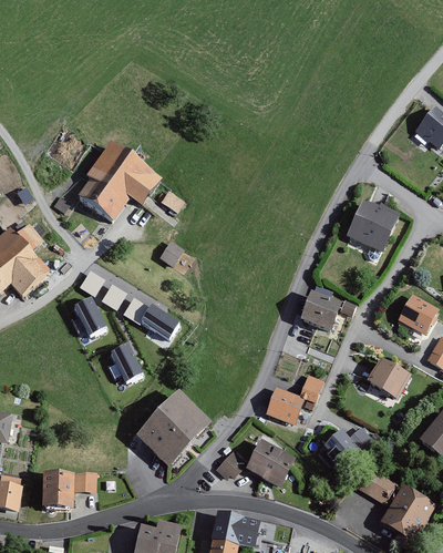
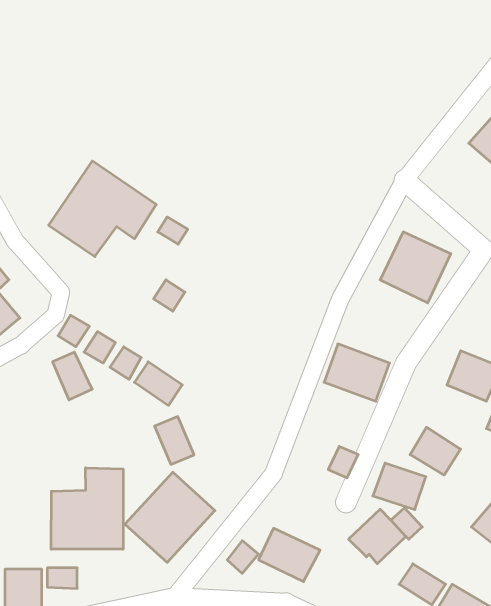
building: [113,342,145,381] -> [155,417,194,464]
building: [265,387,308,424] -> [373,463,426,510]
building: none -> [51,468,123,549]

